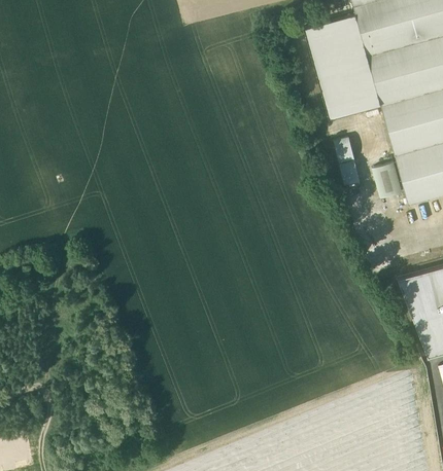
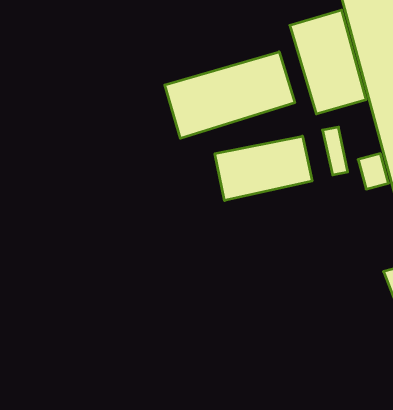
building: none -> [165,52,295,138]
building: none -> [215,136,312,201]

